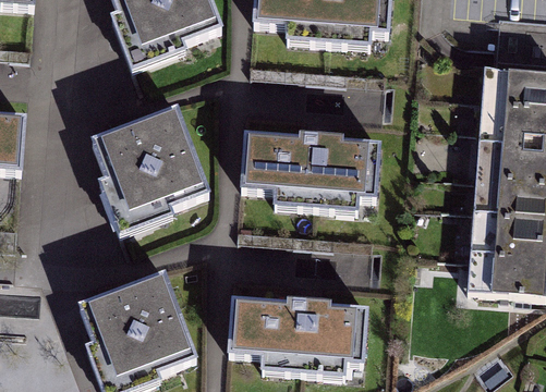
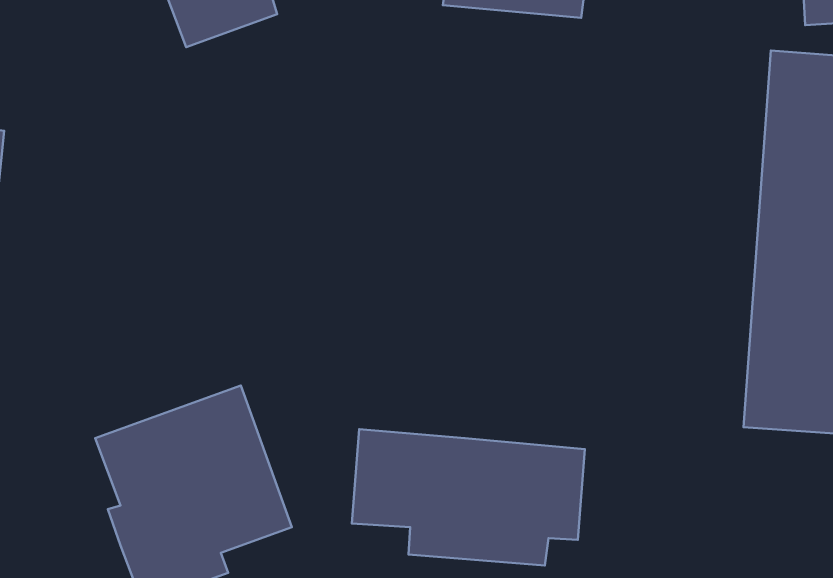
building: [92,105,209,235] -> none
building: [239,130,379,211] -> none

